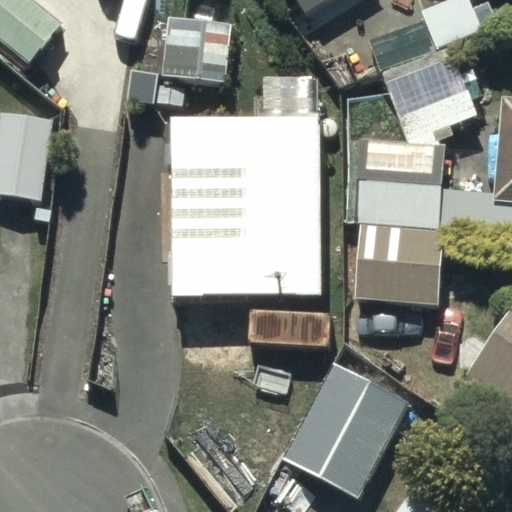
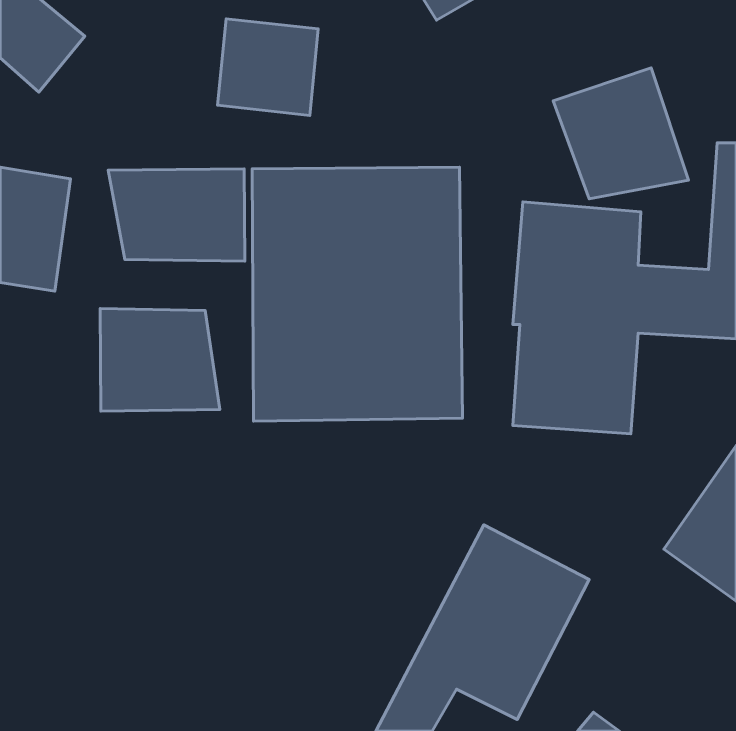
building: none -> [108,169,245,261]
building: none -> [100,309,220,411]

